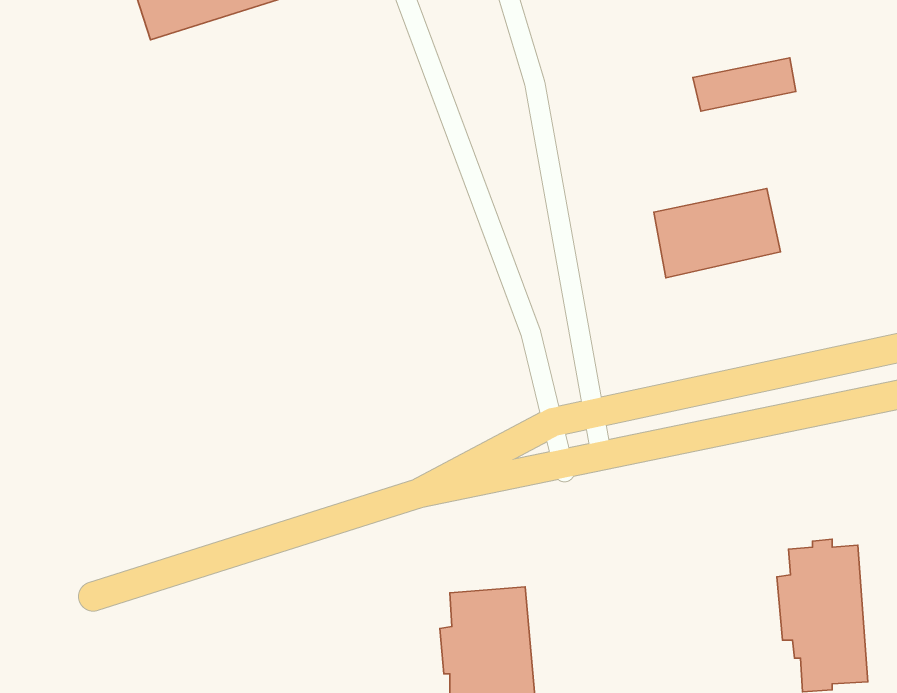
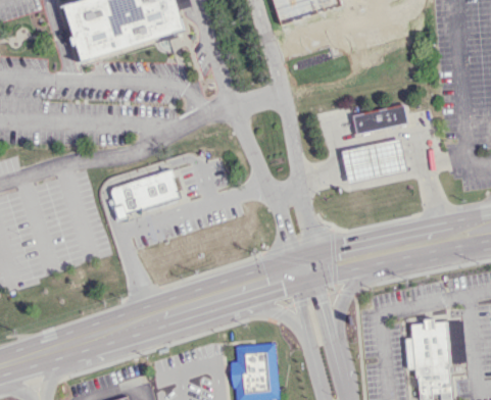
building: [693,58,796,111] -> [352,105,405,133]
building: none -> [108,170,179,219]

